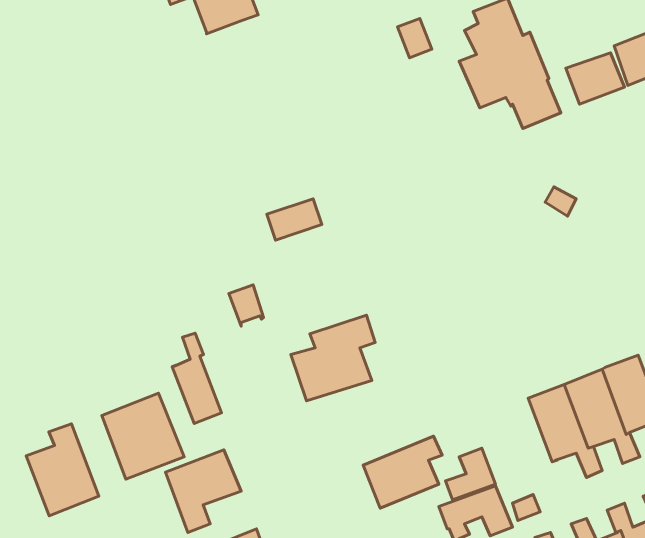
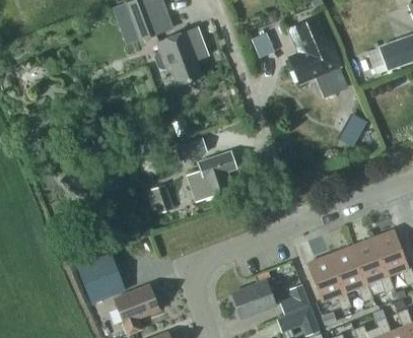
building: none -> [154,30,202,85]
building: [291,315,375,401] -> [187,152,236,203]
building: [172,333,222,423] -> none
building: none -> [306,255,351,310]
building: [26,424,99,516] -> none

